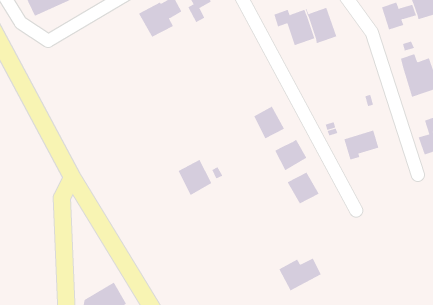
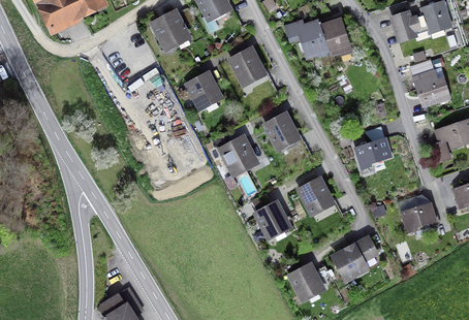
building: none -> [231,50,263,83]
building: none -> [188,74,220,106]
building: [274,139,307,171] -> none
building: [178,159,212,196] -> [221,137,255,173]
building: none -> [398,196,436,232]
building: none -> [256,203,288,235]
building: none -> [335,235,381,278]

